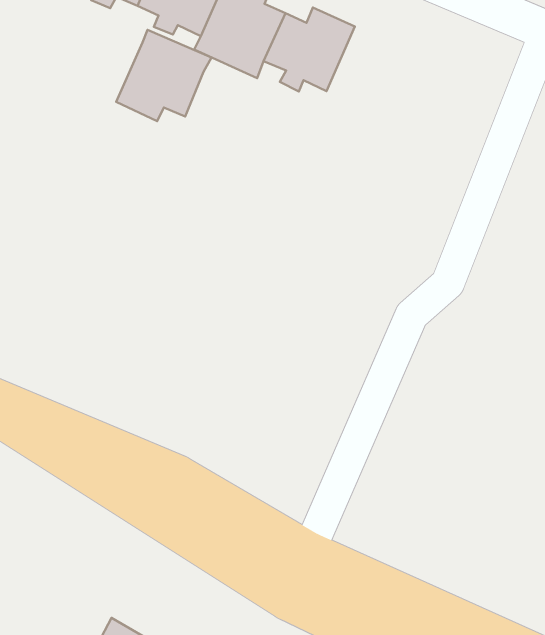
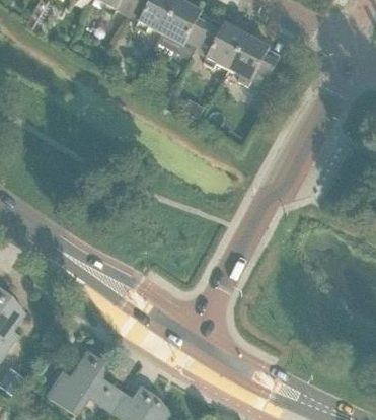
building: none -> [228,33,277,85]
building: [116,30,211,121] -> none

